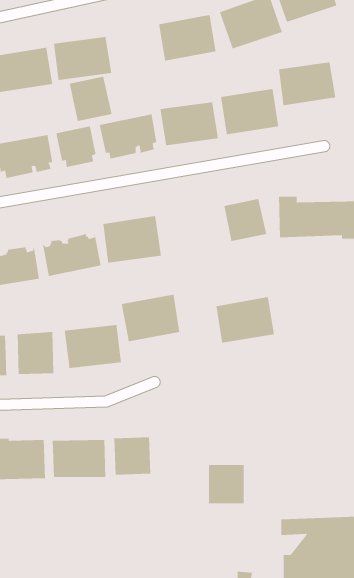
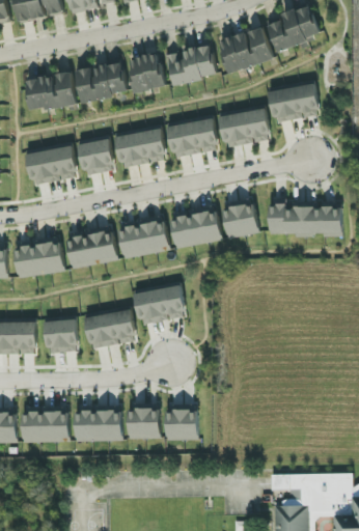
building: [69,76,112,122] -> [127,53,164,92]
building: [215,296,275,343] -> [169,207,220,248]
building: [208,464,244,504] -> [165,406,196,440]

